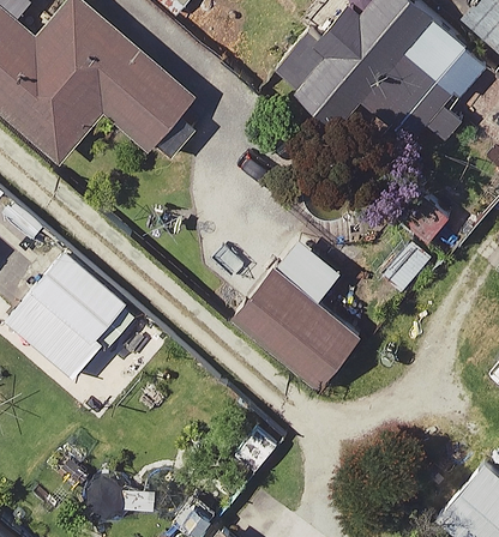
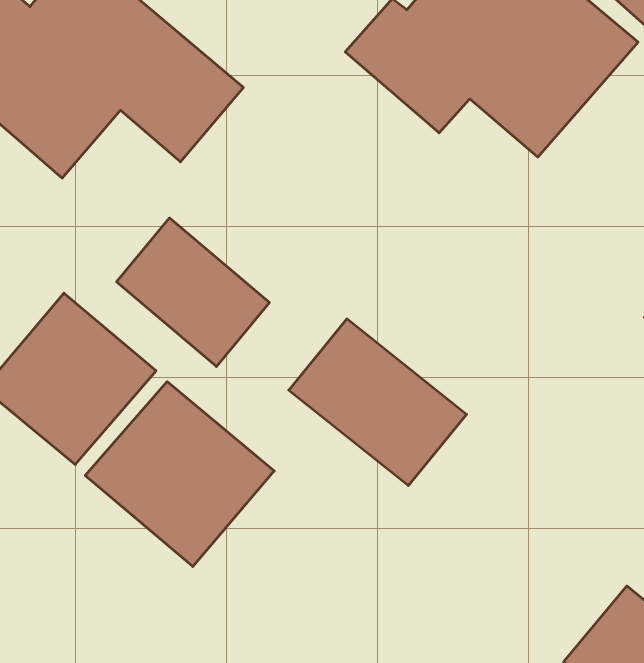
building: none -> [117,218,269,367]
building: none -> [85,382,274,567]

